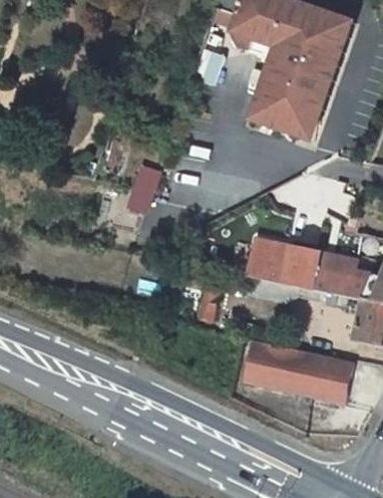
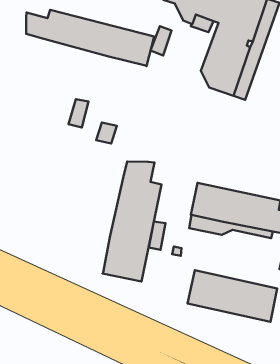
building: none -> [26,10,154,66]
building: none -> [103,161,161,282]

